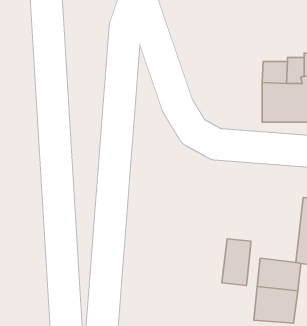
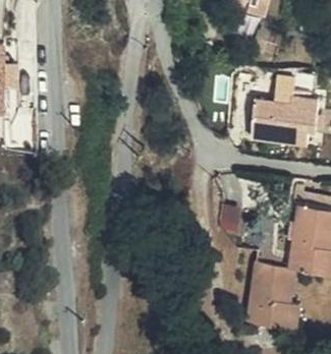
building: [222,239,251,286] -> none

